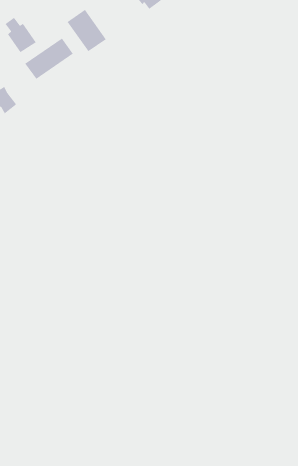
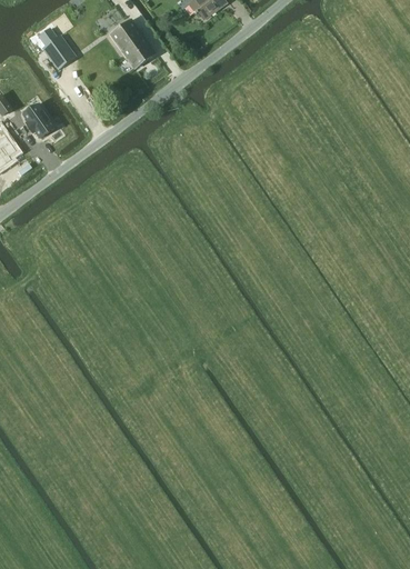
building: [24,38,74,80] -> none

